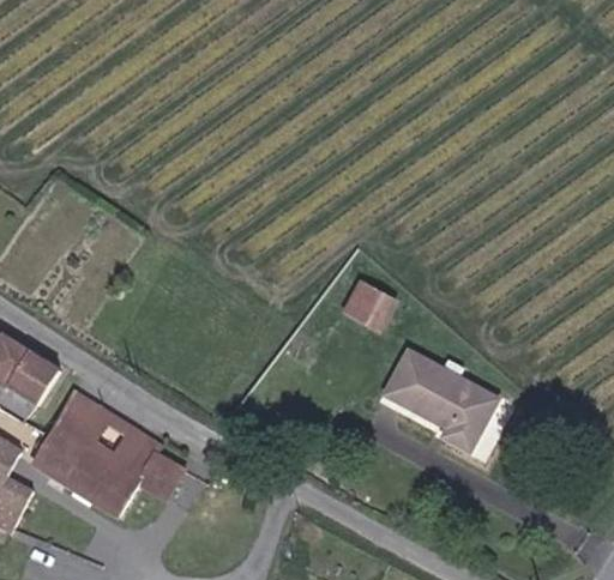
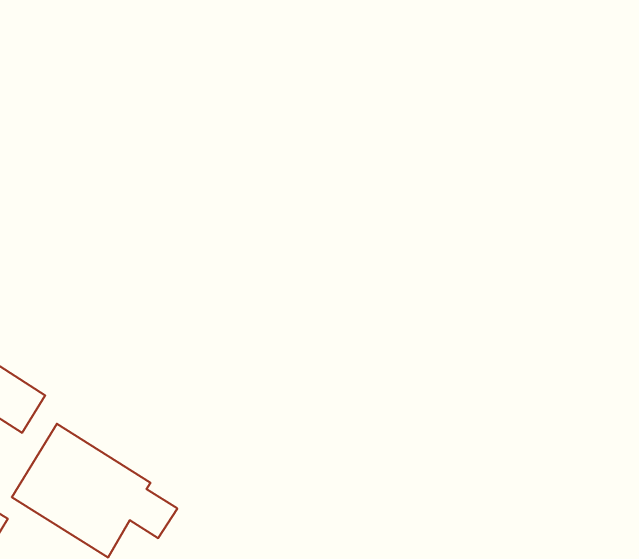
building: [338,277,390,328] -> none
building: [387,349,498,447] -> none

